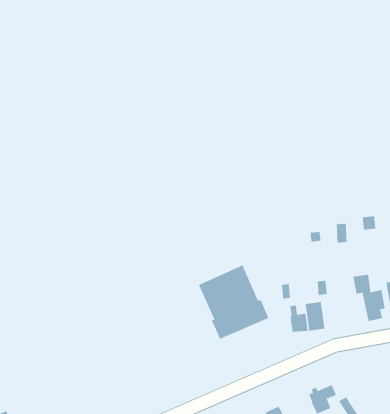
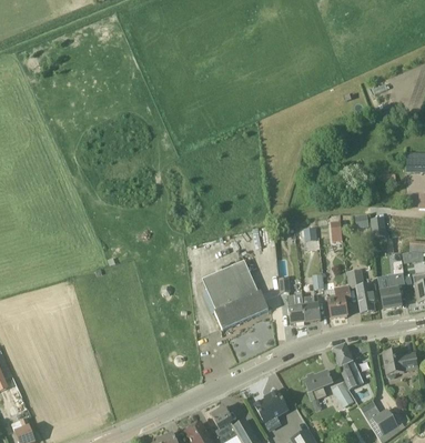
building: none -> [326,285,352,318]
building: none -> [332,344,361,387]

